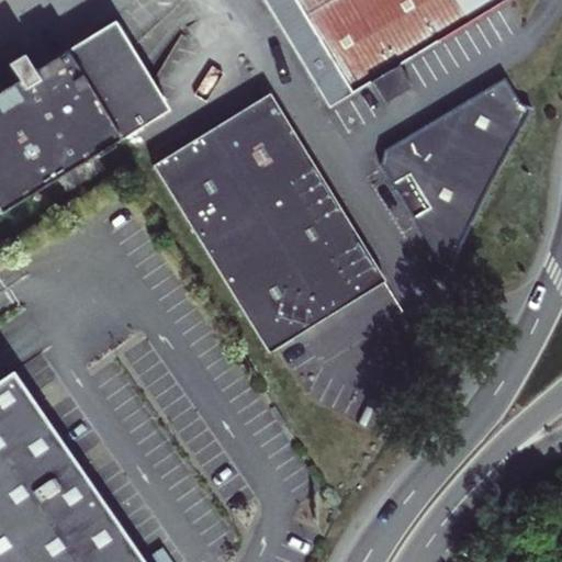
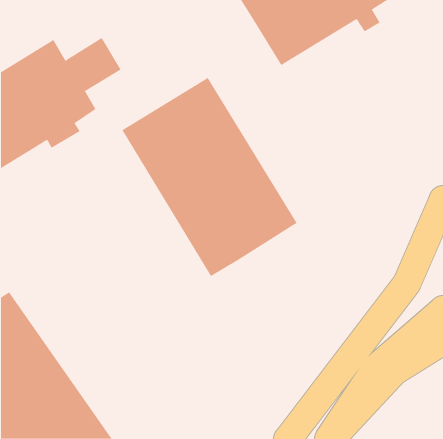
building: [68,22,130,76] -> none
building: [384,72,526,280] -> none
building: [109,88,168,138] -> none

